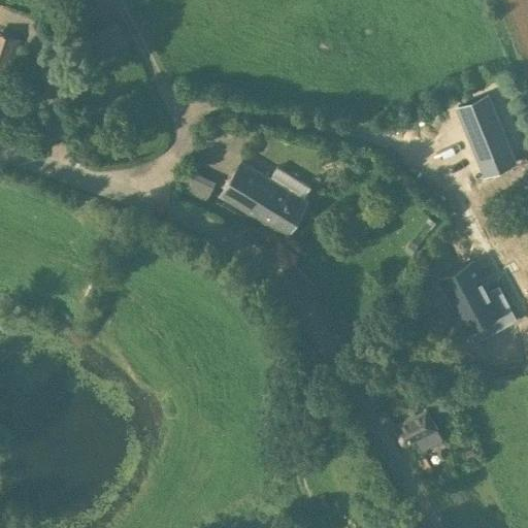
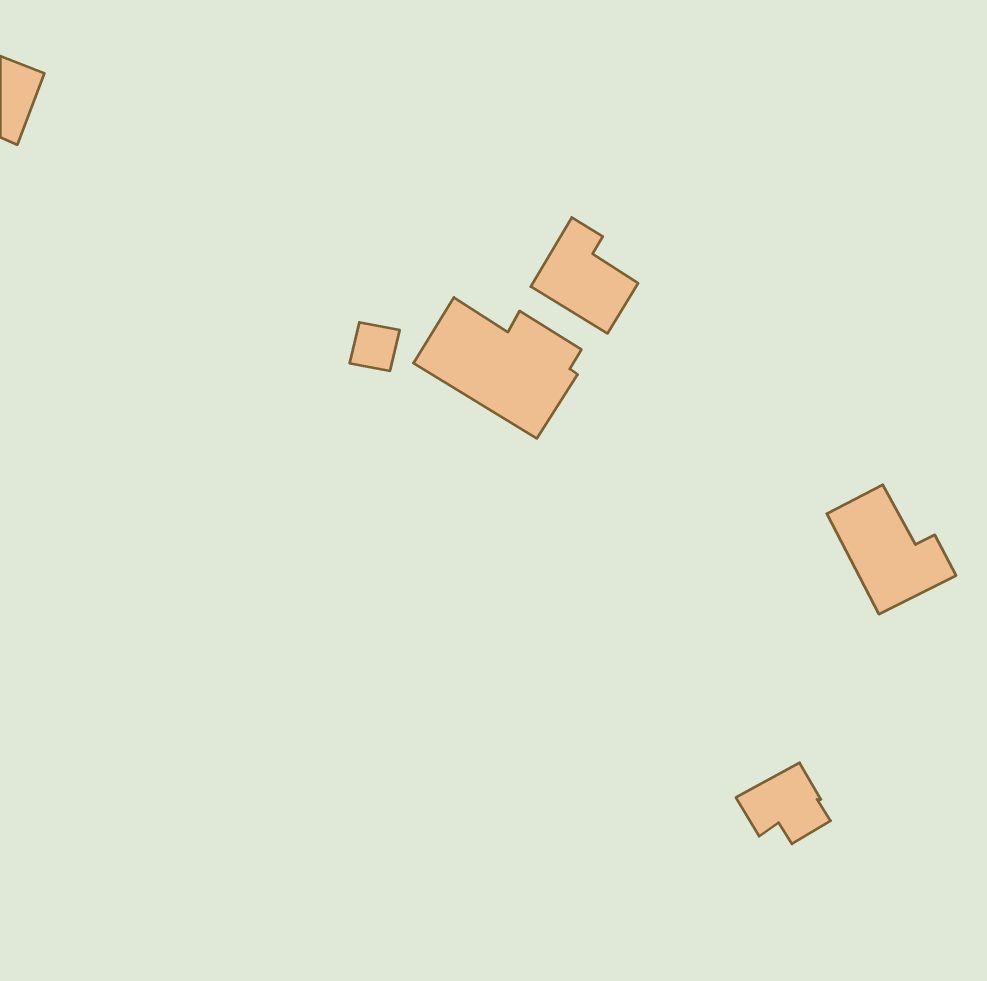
building: [457,95,517,178] -> none
building: none -> [531,217,638,333]

